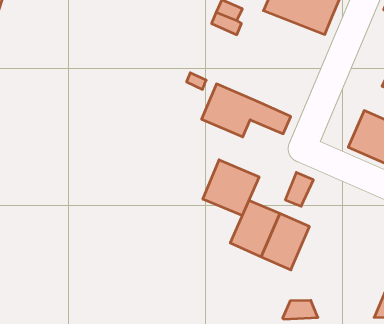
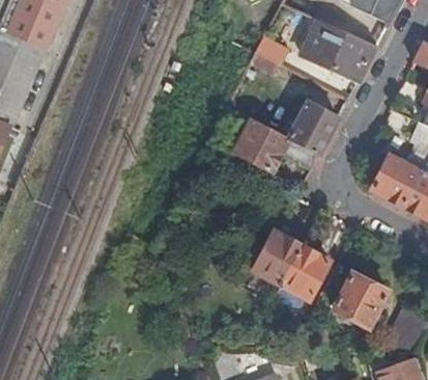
building: none -> [289,101,339,155]
building: [203,160,259,216] -> none
building: none -> [335,272,389,327]

